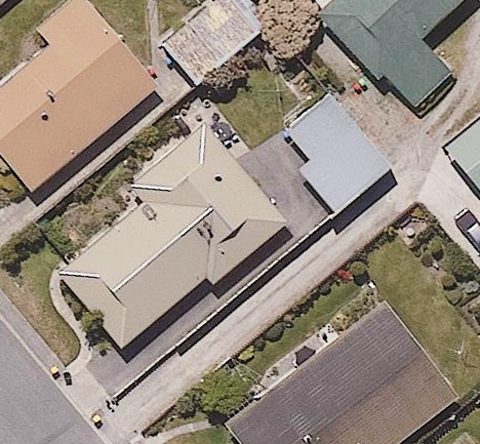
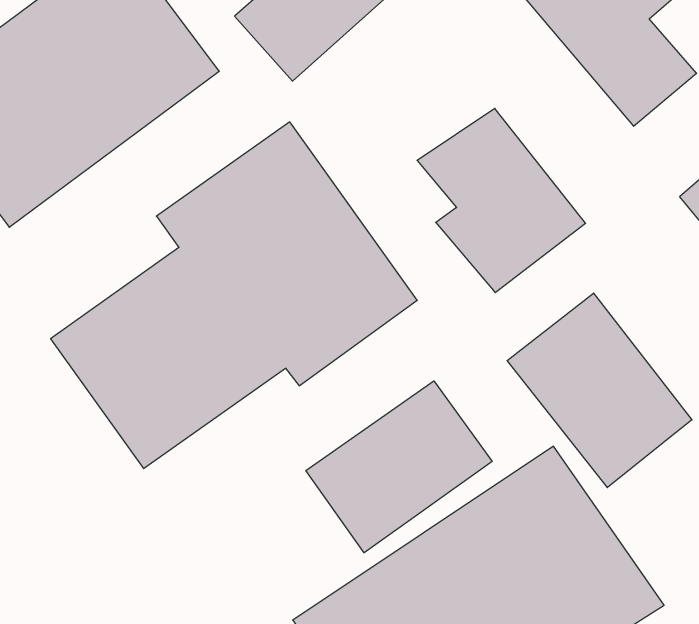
building: none -> [507,293,692,488]
building: none -> [306,381,492,553]

